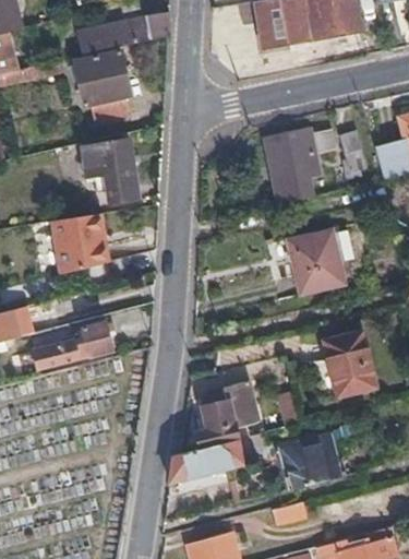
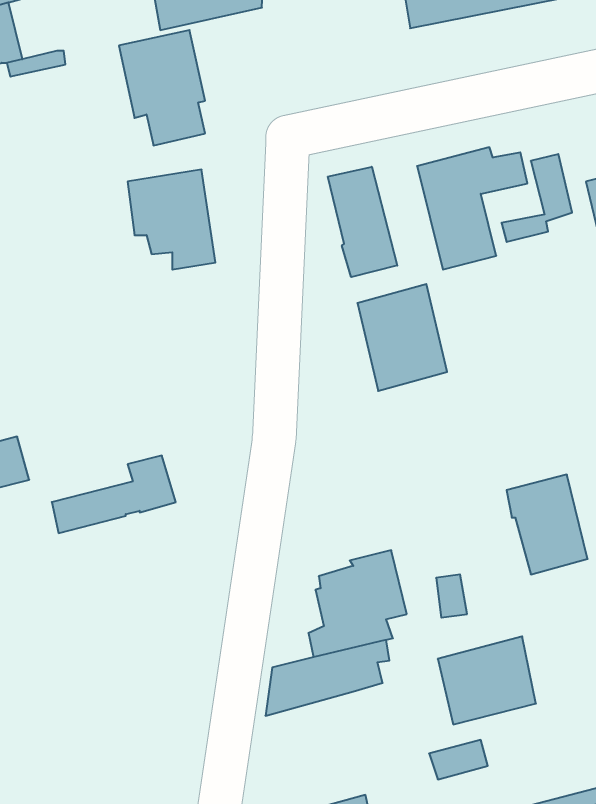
building: none -> [328,167,397,277]
building: [47,214,106,273] -> none
building: [288,229,345,297] -> [357,284,447,391]

